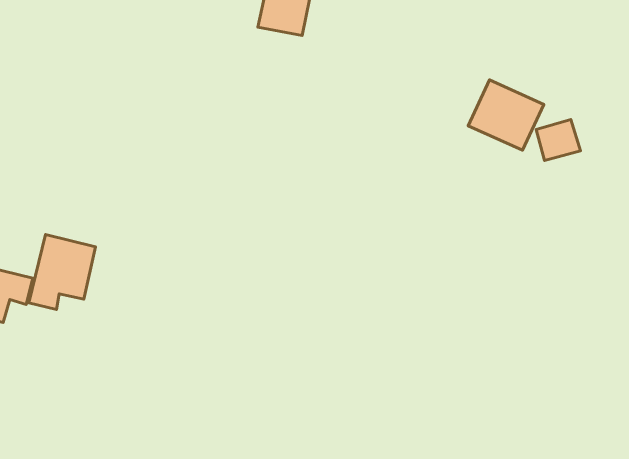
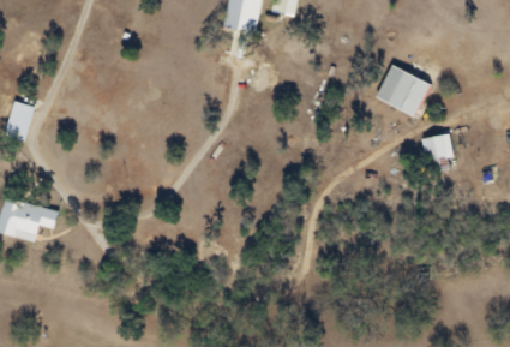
building: [536,119,581,161] -> [421,133,454,163]
building: [29,234,95,310] -> none

